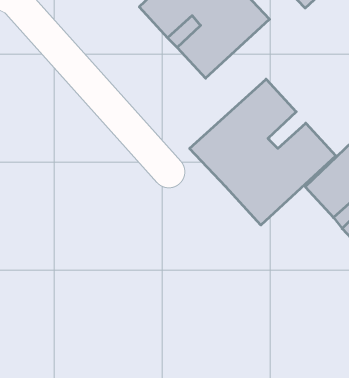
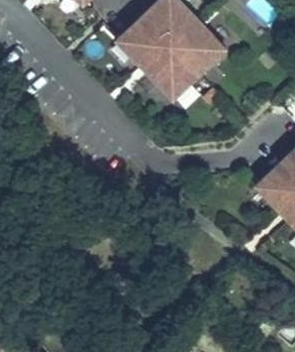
building: [190,79,336,225] -> none

